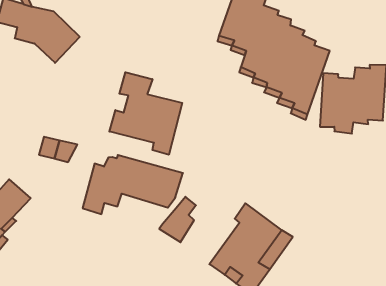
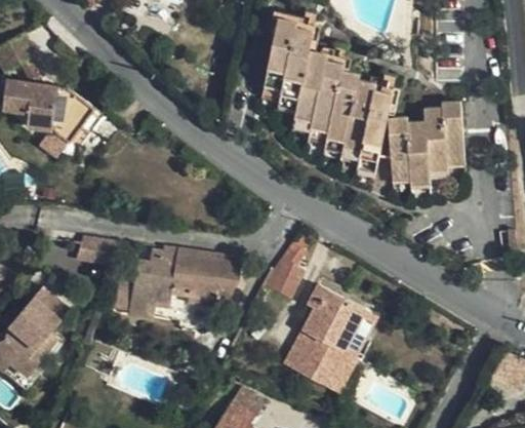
building: [109,72,182,155] -> none
building: [159,197,196,242] -> [264,242,302,296]

